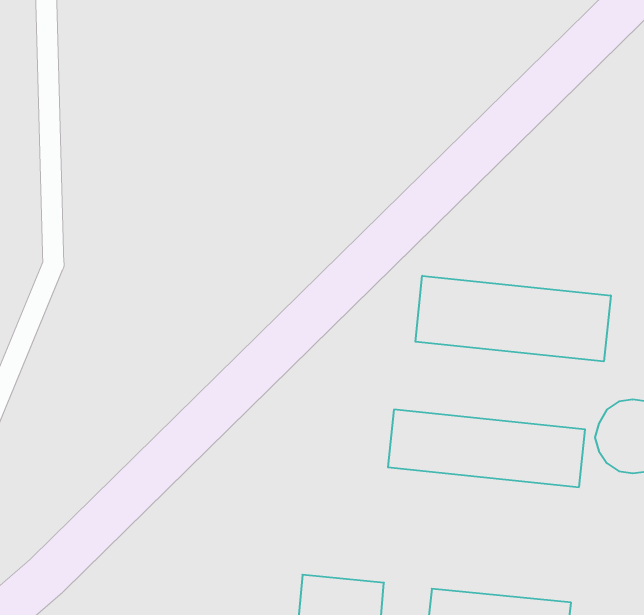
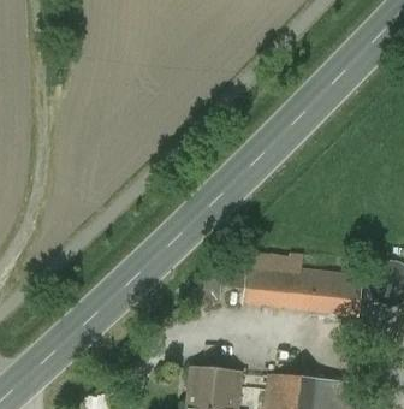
building: [415,276,611,361] -> none

